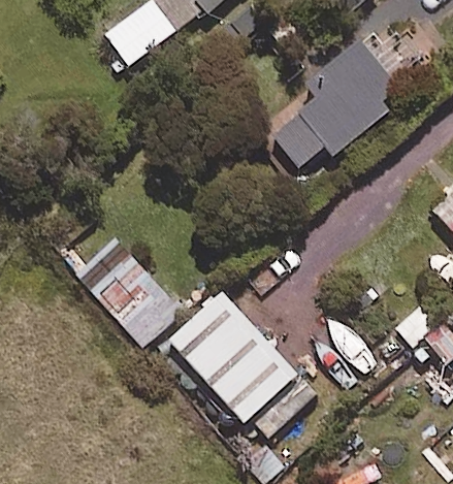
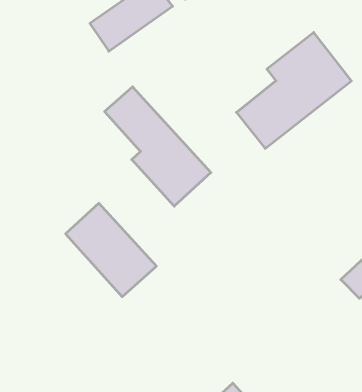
building: none -> [105,87,211,206]
building: [170,293,313,442] -> none

